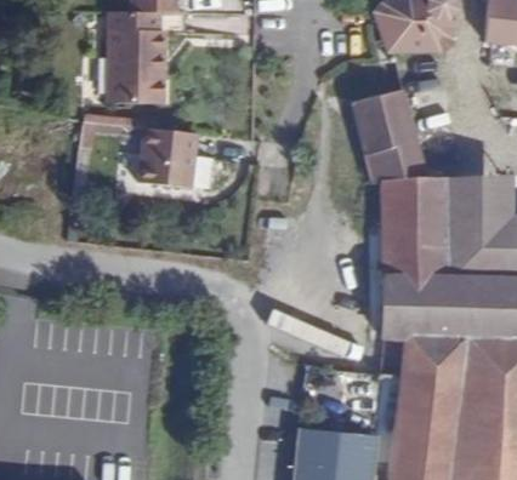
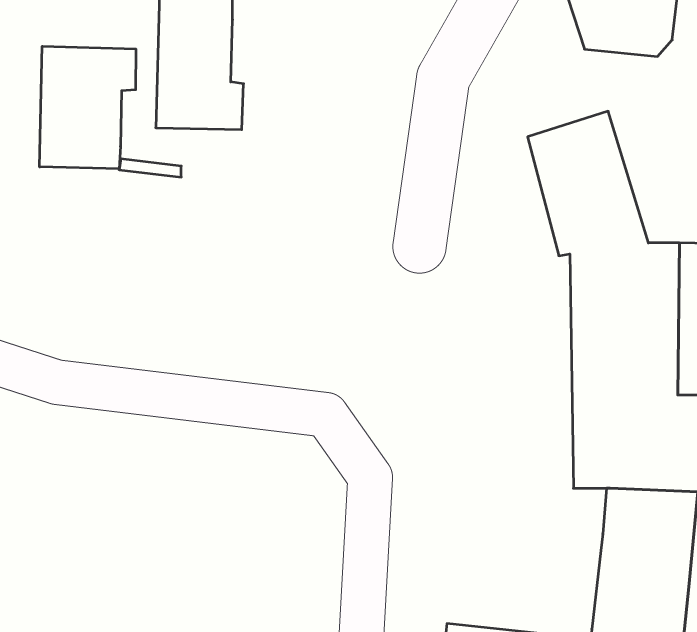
building: none -> [40,46,136,169]
building: [142,128,197,188] -> none

